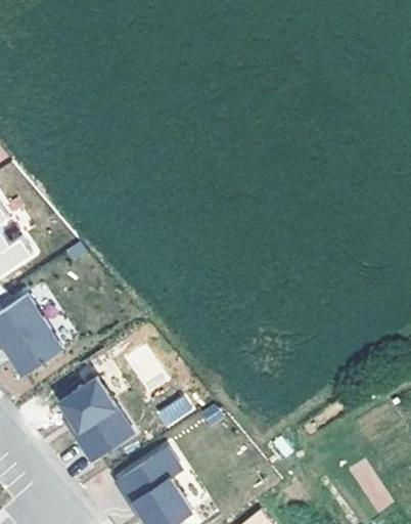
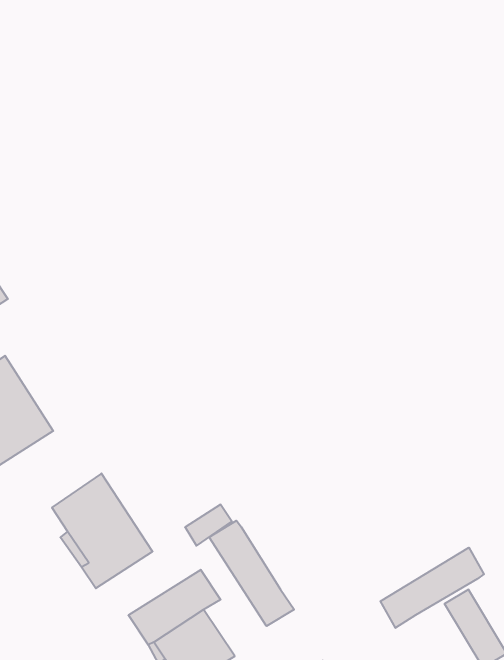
building: none -> [209,521,294,626]
building: none -> [380,548,484,628]

